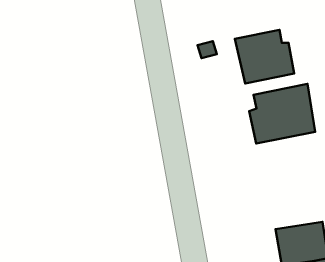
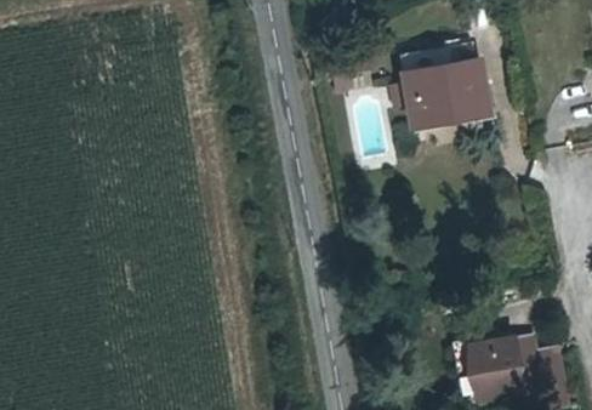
building: [249,84,315,144] -> none

